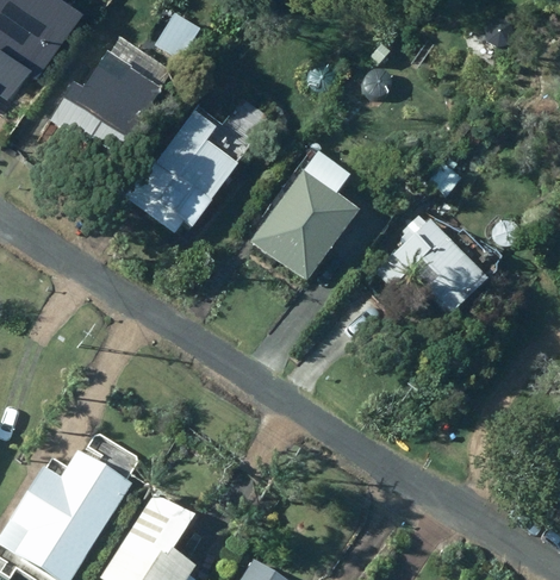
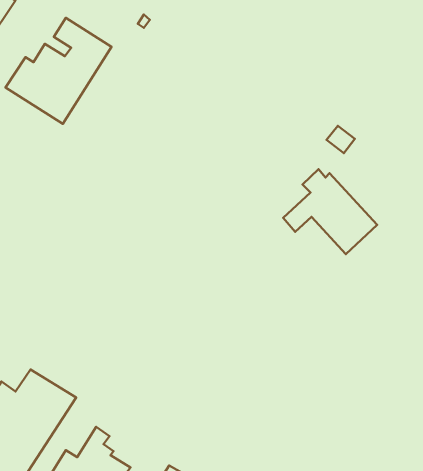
building: [155,116,236,224] -> none
building: [250,149,360,281] -> none

